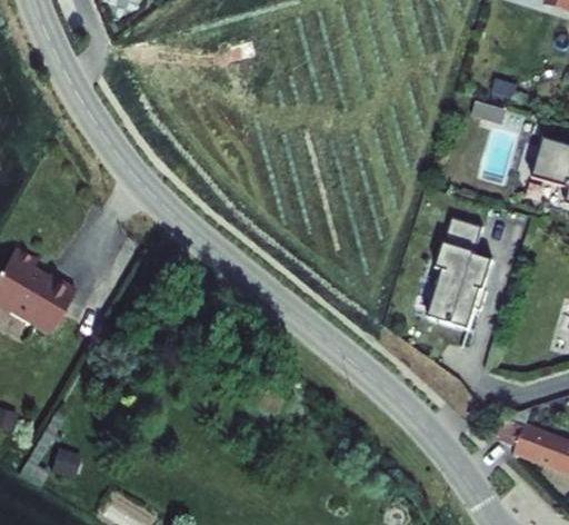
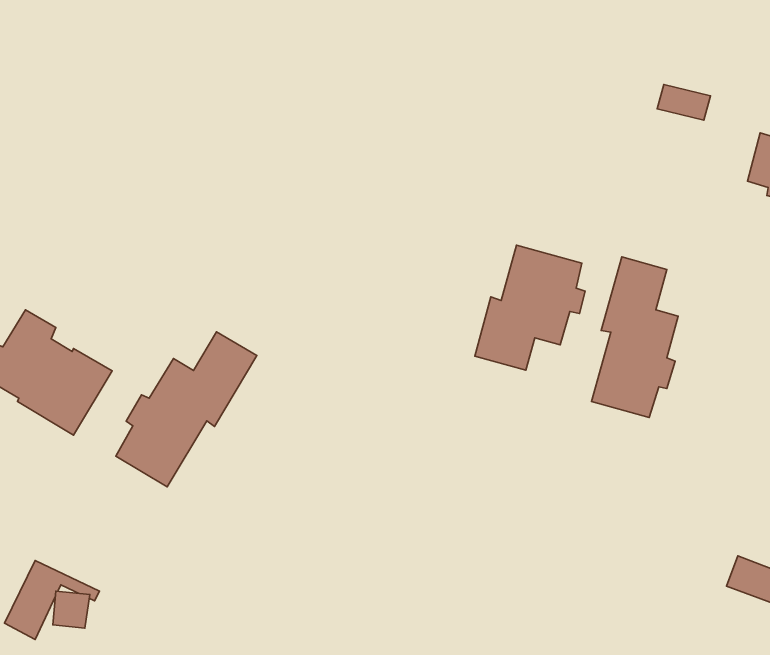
building: none -> [475,245,585,370]
building: none -> [116,332,257,487]

